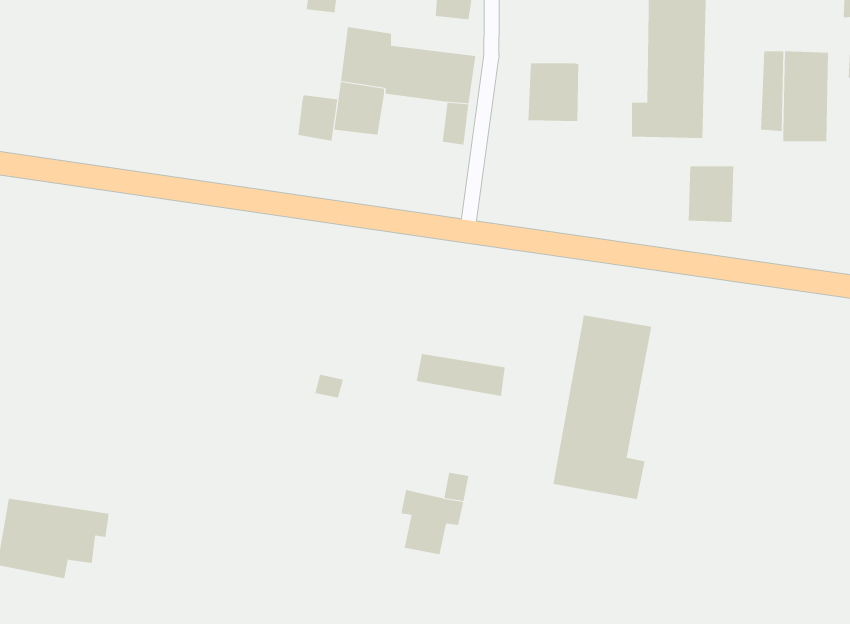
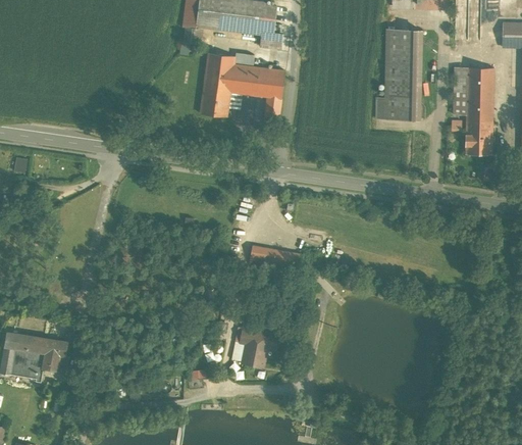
building: [528,62,579,122] -> none
building: [298,94,338,141] -> none
building: [688,166,734,223] -> [465,120,492,154]
building: [553,314,652,500] -> none

